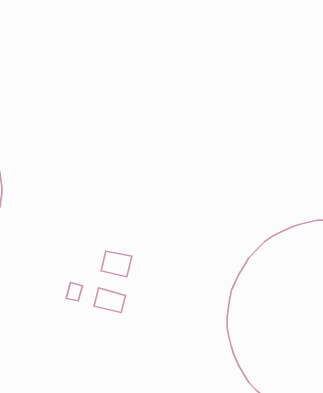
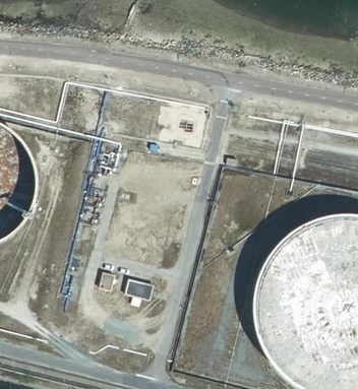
building: [101,251,132,277] -> none

